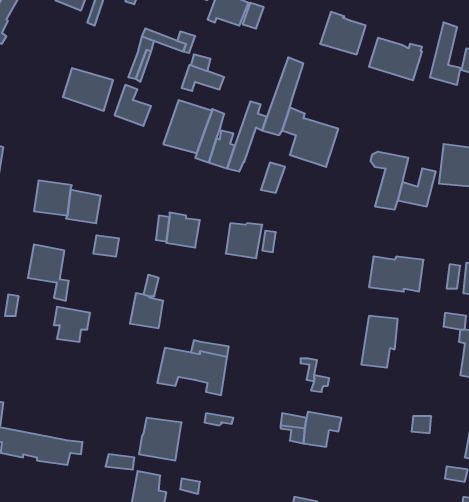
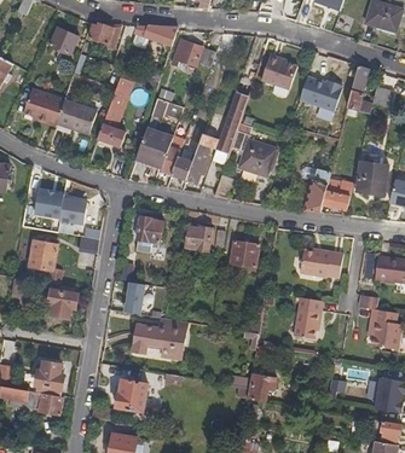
building: none -> [23,87,64,124]
building: none -> [230,240,260,267]
building: none -> [34,360,63,396]

